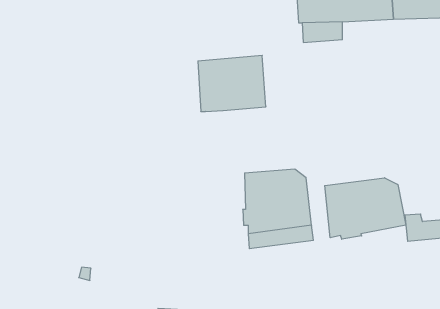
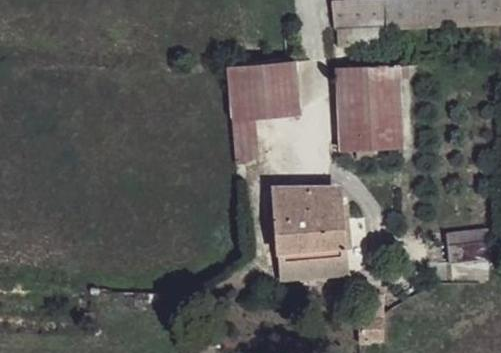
building: none -> [334,65,402,154]
building: none -> [229,121,257,169]
building: [325,178,406,239] -> none

